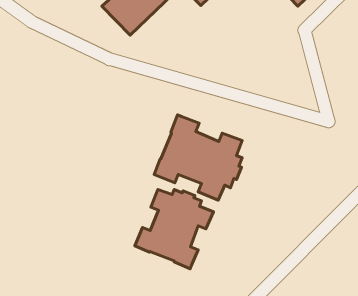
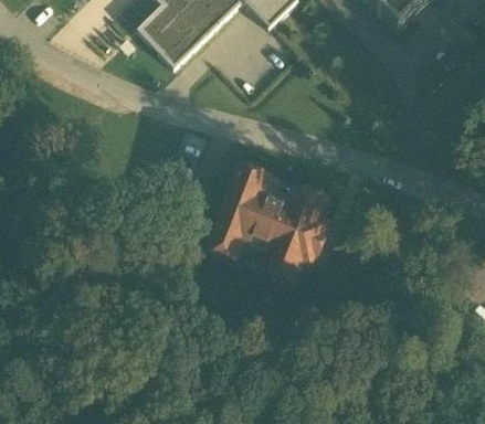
building: [135,189,213,269] -> none

